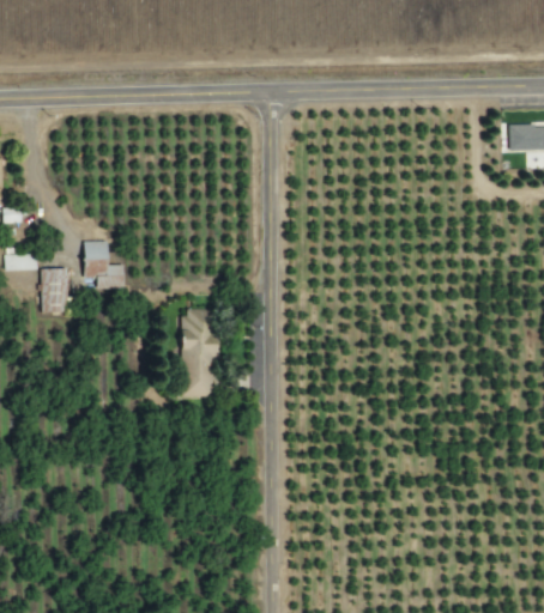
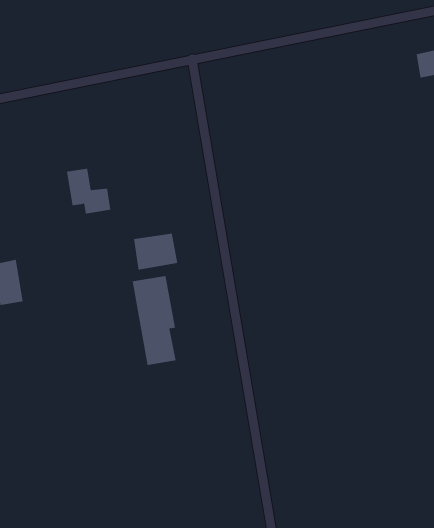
building: [84,241,123,287] -> [66,168,111,214]
building: none -> [133,233,178,271]

